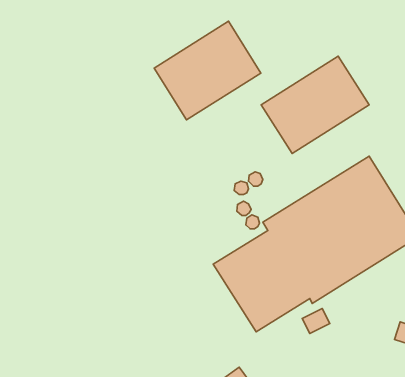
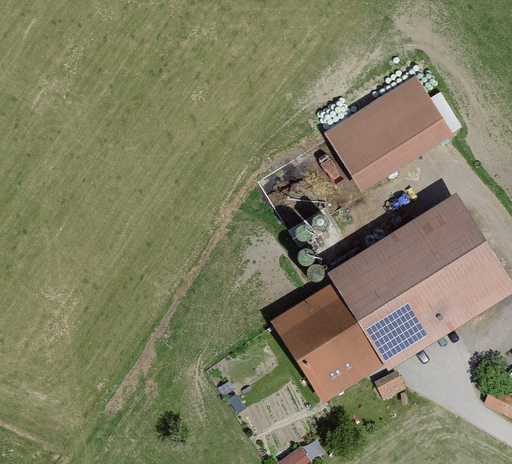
building: [154,21,261,120] -> none

